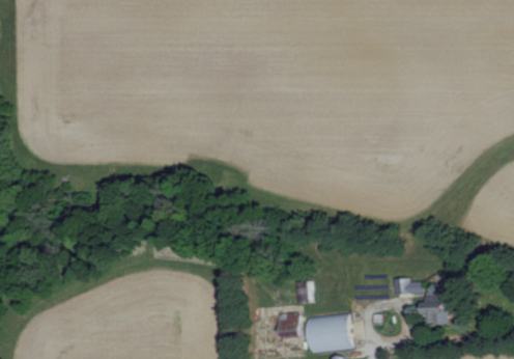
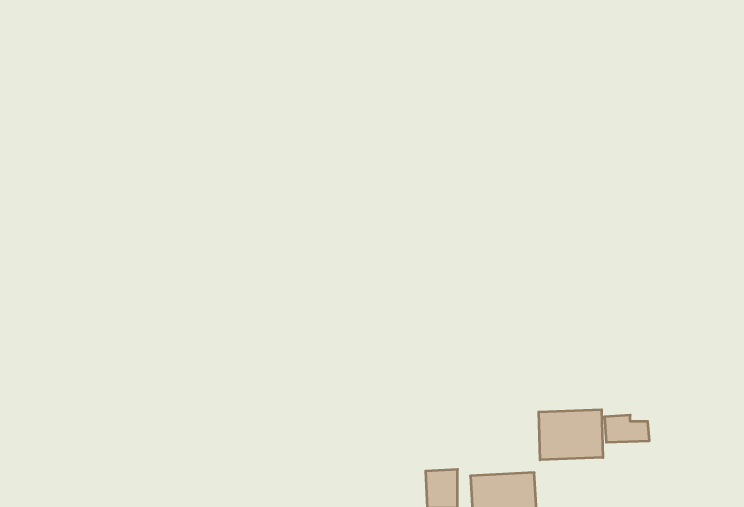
building: none -> [539,410,603,460]
building: [419,300,447,324] -> none

